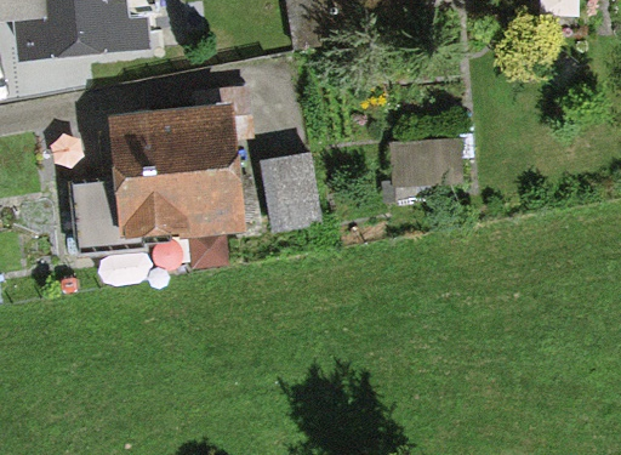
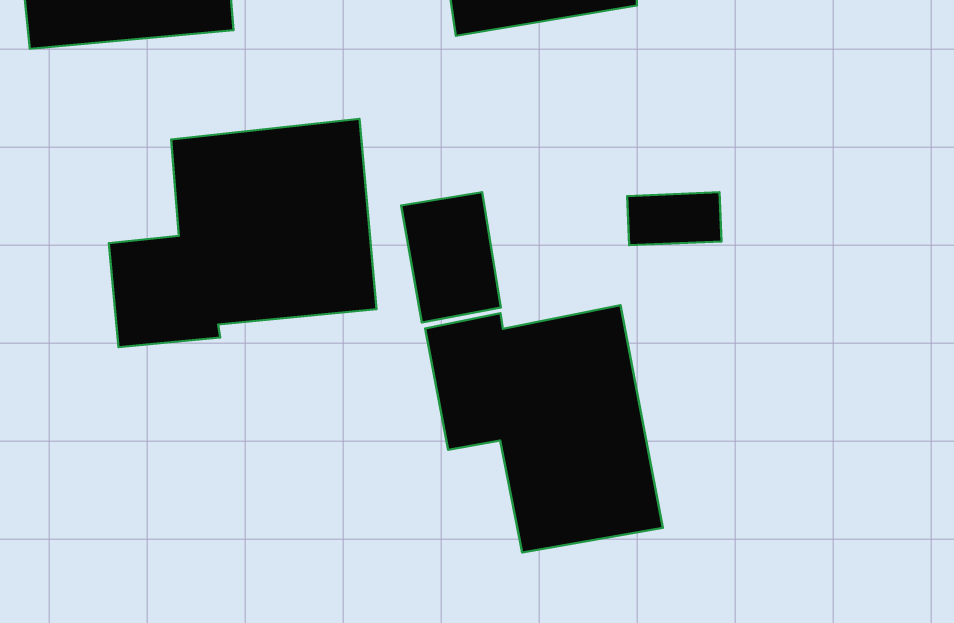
building: none -> [425,305,663,553]

